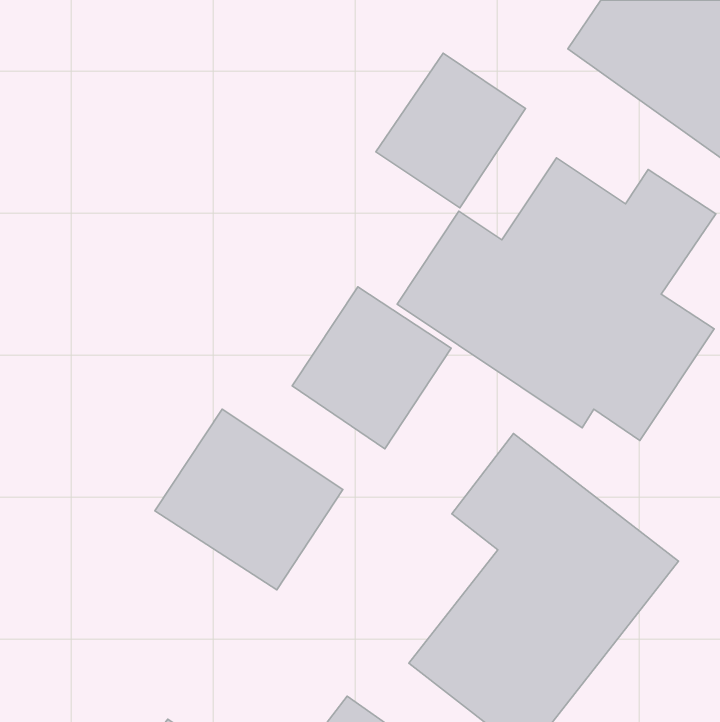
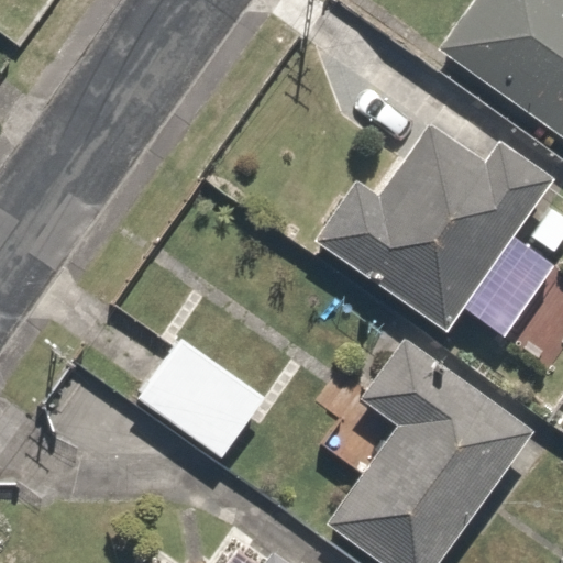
building: [376,53,525,208] -> none
building: [292,287,451,449] -> none

